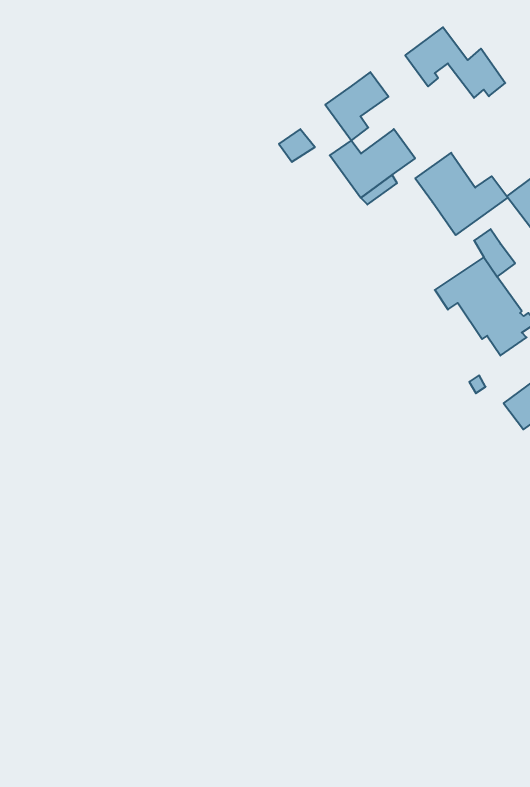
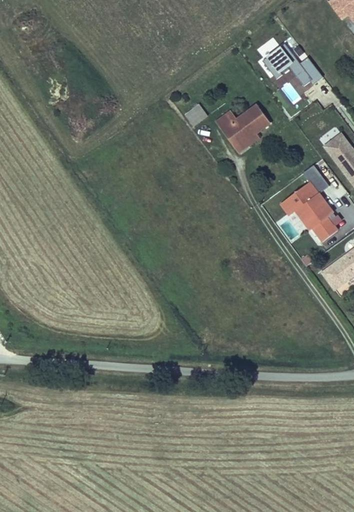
building: [325,72,388,141] -> none
building: [415,153,508,235] -> none

